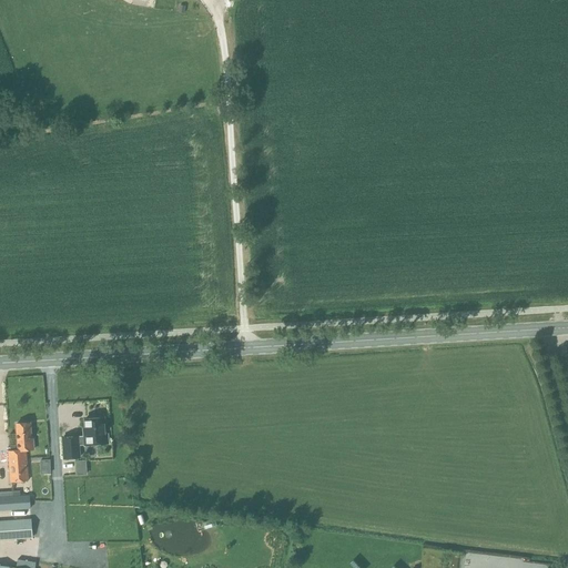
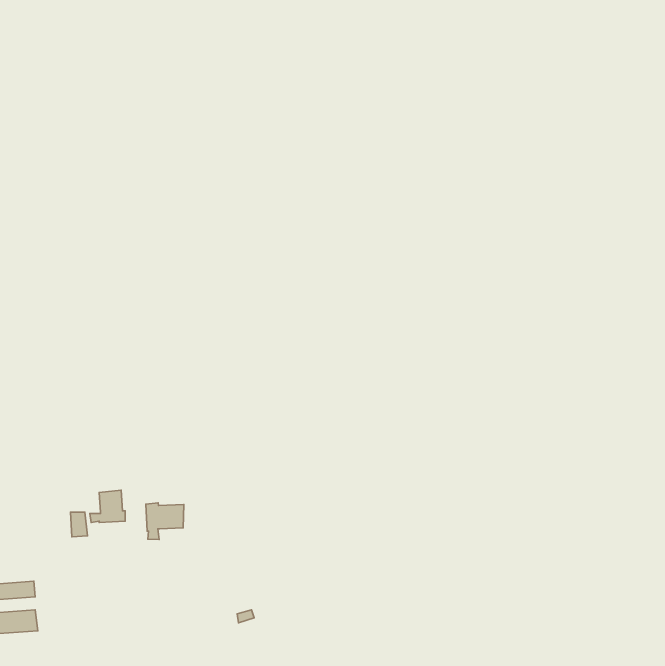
building: [7,423,32,481] -> none
building: none -> [146,503,184,540]

